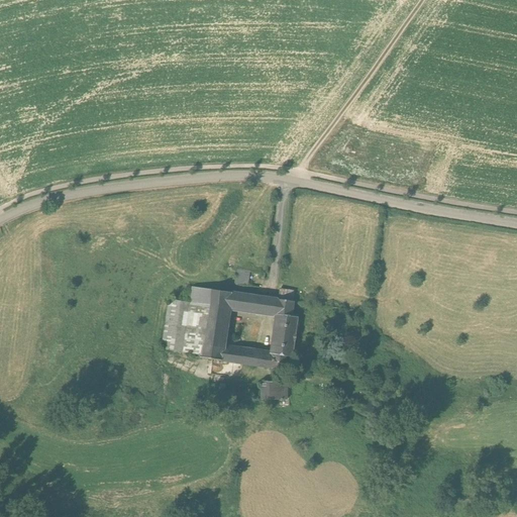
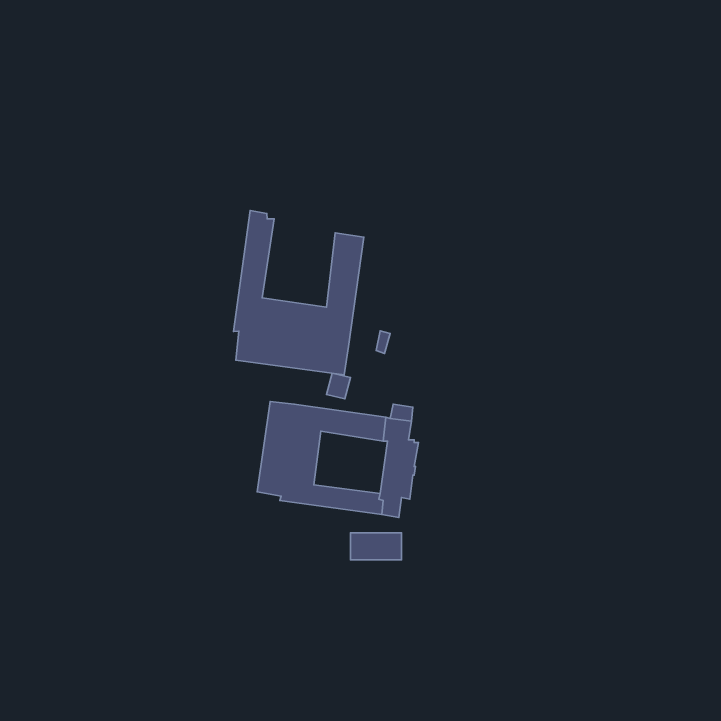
building: none -> [233,210,364,375]

